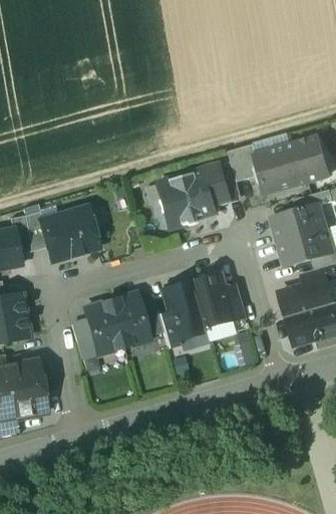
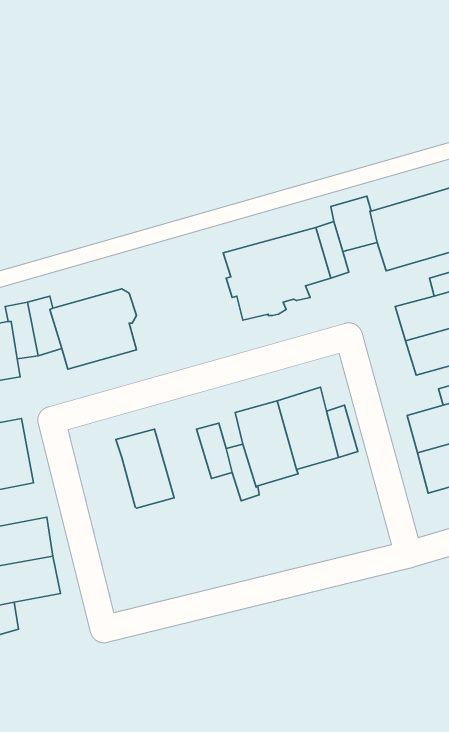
building: [109,292,148,346] -> none
building: [71,319,96,357] -> none

